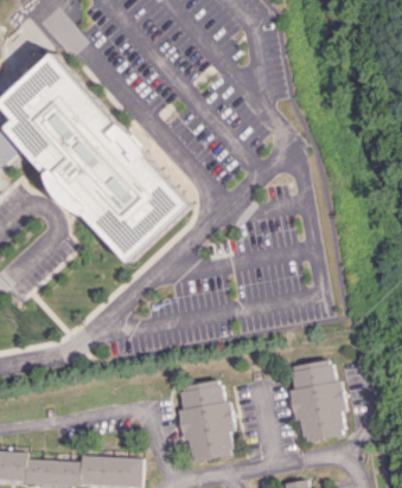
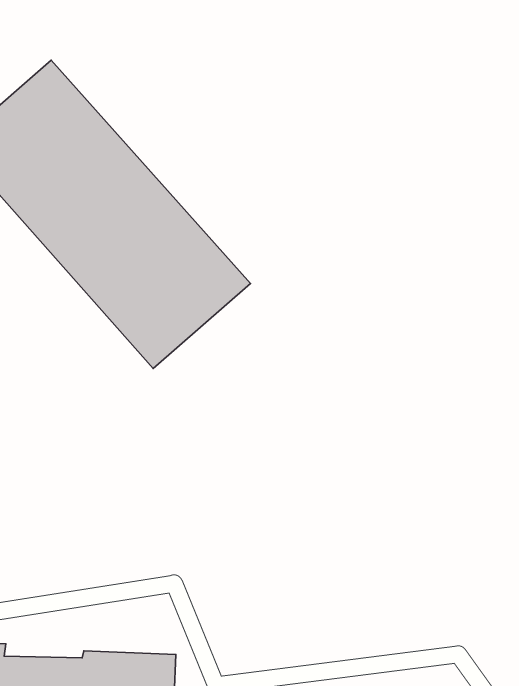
building: [287,360,344,442] -> none
building: [173,380,231,462] -> none

